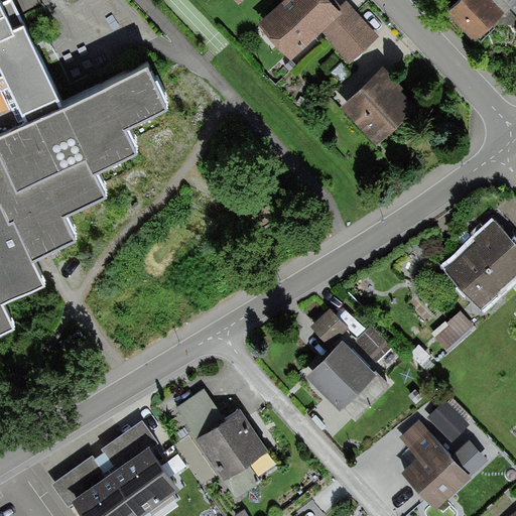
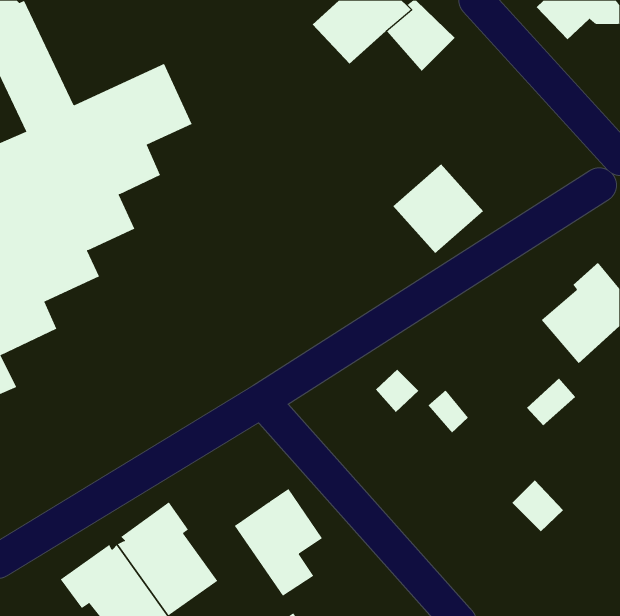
building: [341,69,416,143] -> [392,164,484,254]
building: [303,338,389,419] -> none
building: [176,392,223,438] -> none
building: [398,421,486,509] -> none

